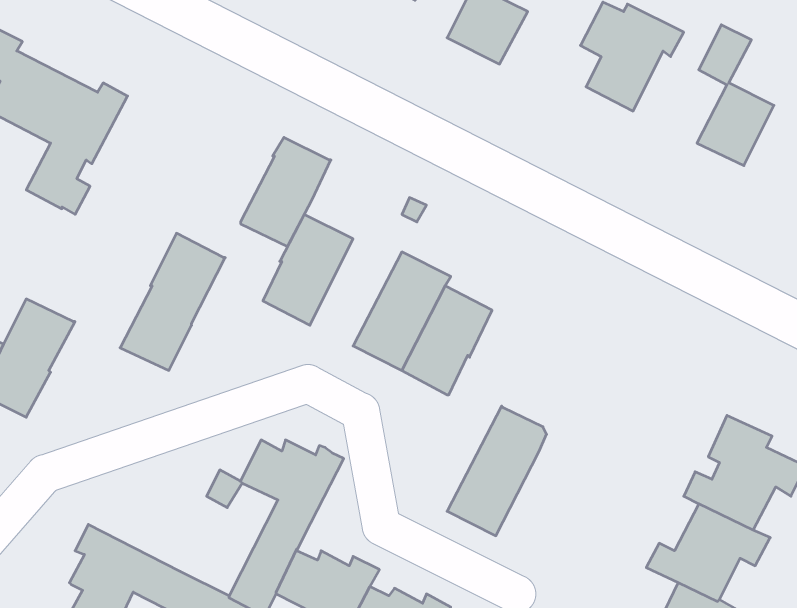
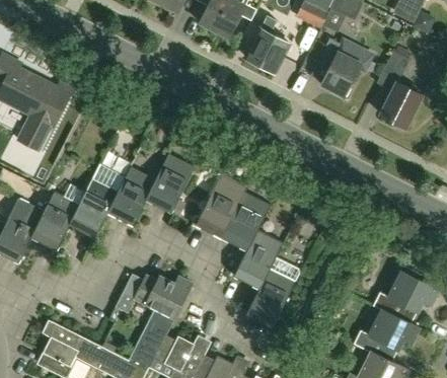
building: [241,137,331,246] -> [107,166,156,225]
building: none -> [30,183,86,250]
building: none -> [233,229,283,288]

